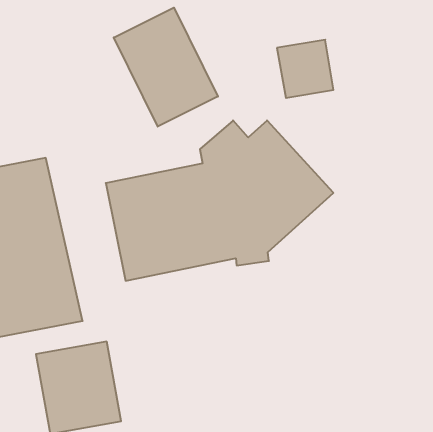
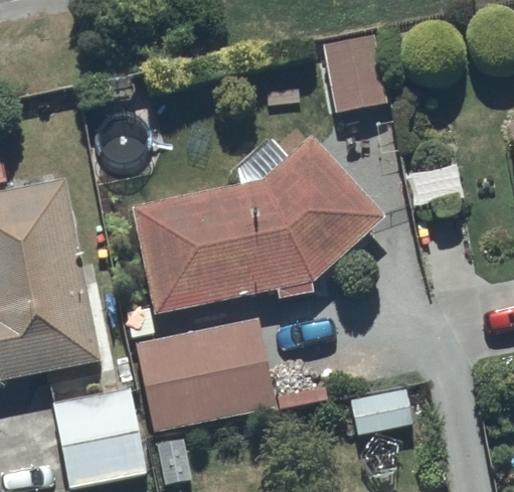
building: [114,8,218,127] -> none
building: none -> [135,315,277,432]

